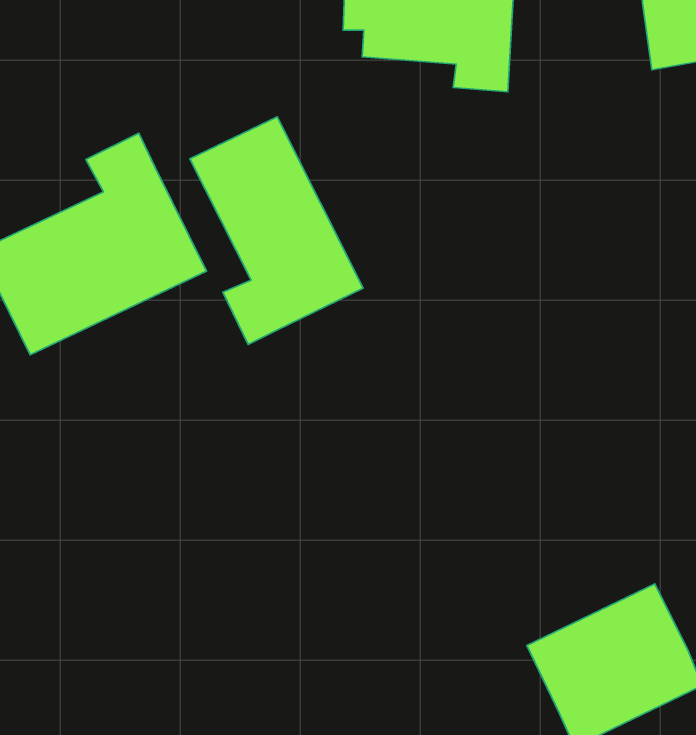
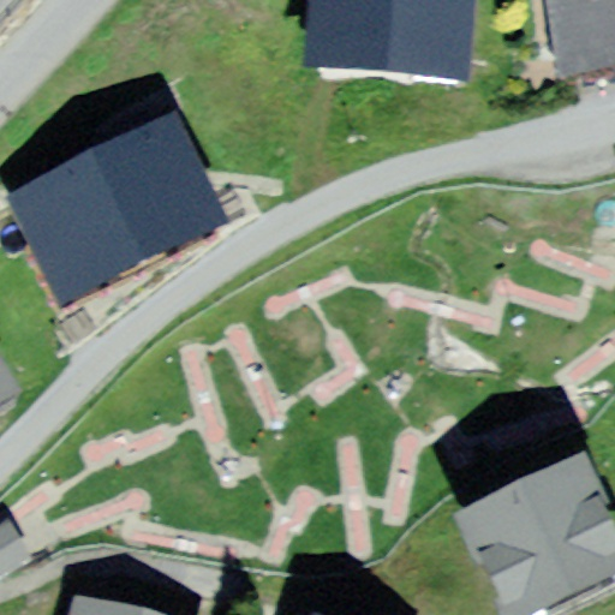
building: [190,117,363,344] -> none

